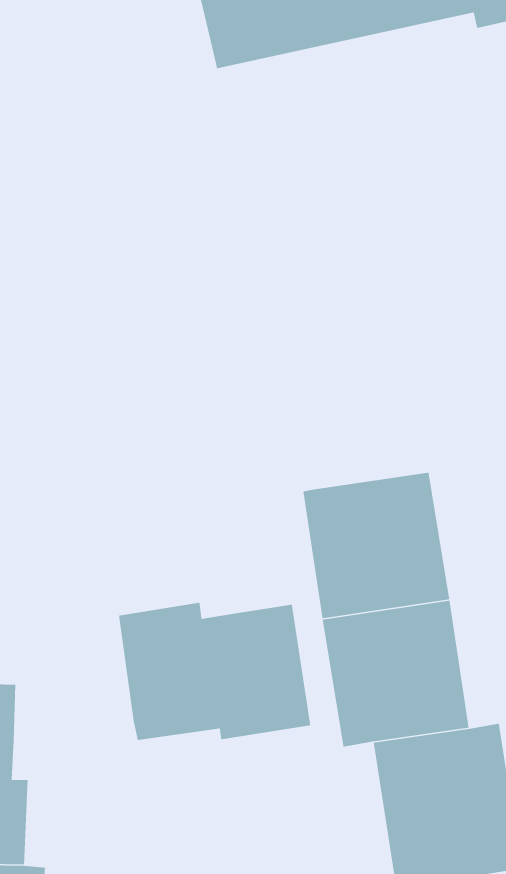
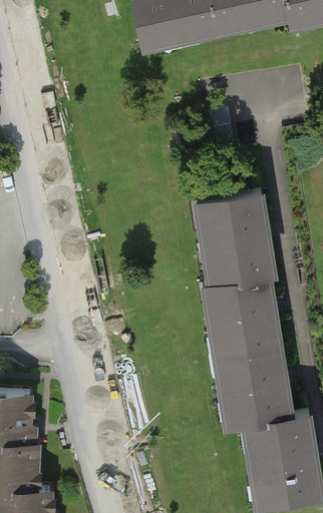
building: none -> [192,194,279,286]
building: [118,602,311,741] -> none

